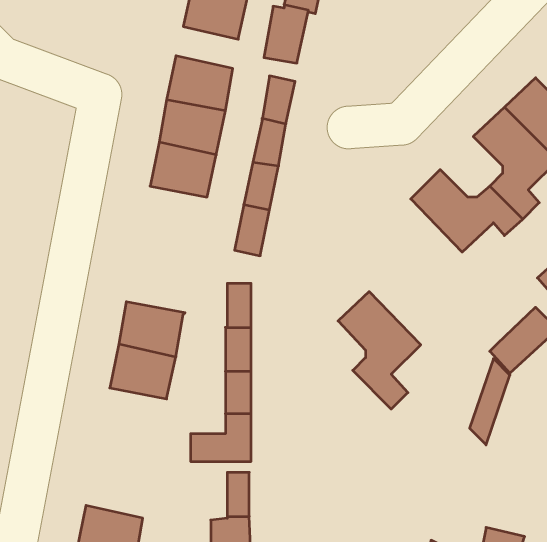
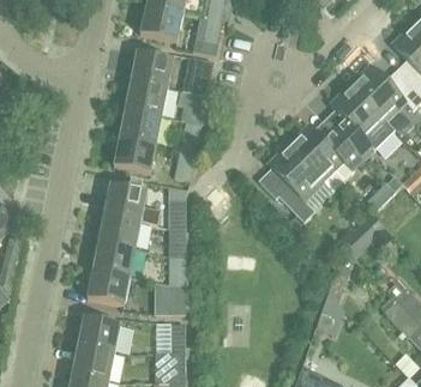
building: none -> [113,134,156,170]
building: none -> [103,181,160,223]
building: [338,292,421,409] -> [269,143,323,219]
building: none -> [86,266,130,302]
building: none -> [77,314,120,351]

